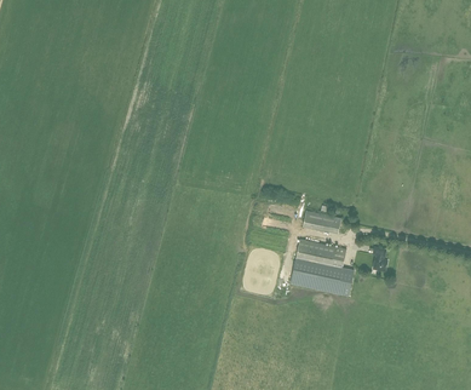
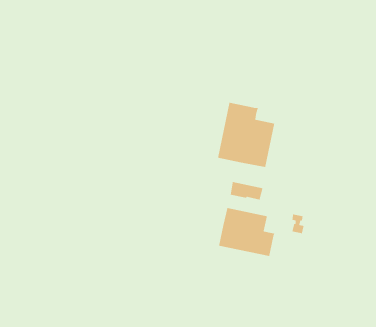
building: none -> [217,102,275,168]

